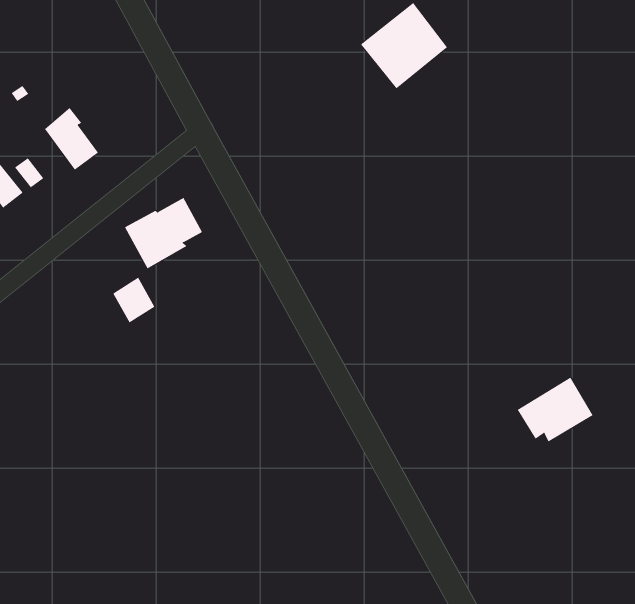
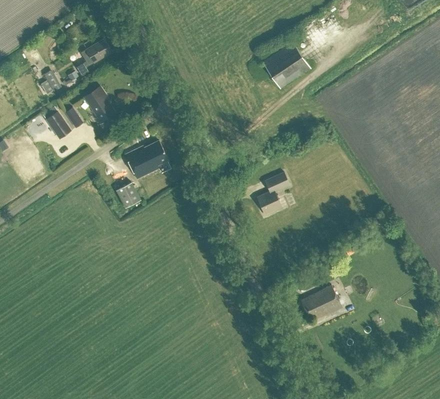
building: none -> [81,39,112,65]
building: none -> [257,172,290,216]
building: [517,377,593,442] -> [300,285,342,320]

